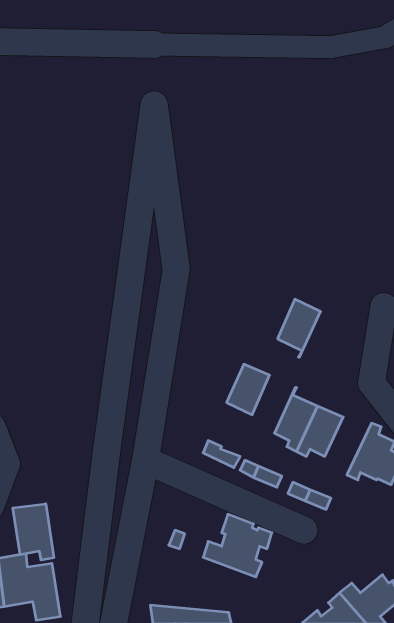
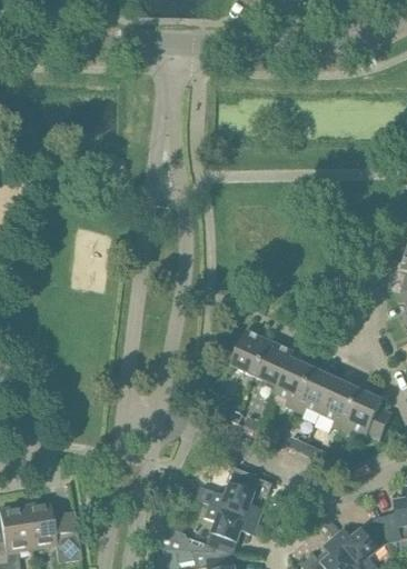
building: [278,299,321,357] -> [255,340,294,392]
building: none -> [320,378,363,430]
building: [13,504,54,560] -> none
building: none -> [158,505,258,555]

